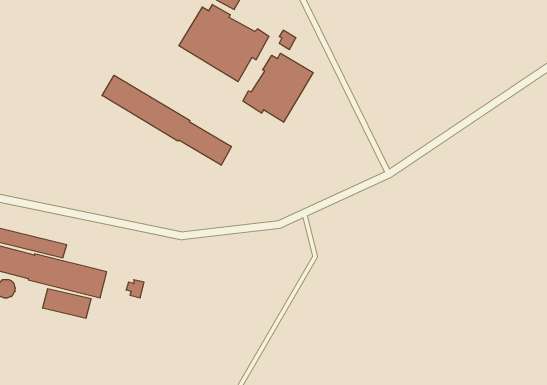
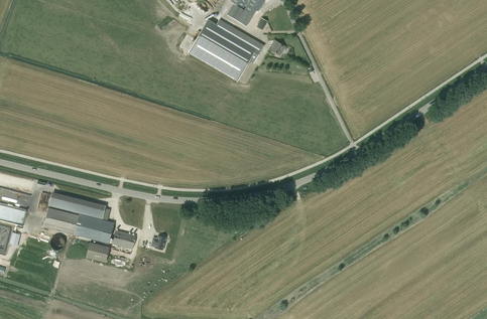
building: [243,53,313,122] -> none
building: [102,75,231,165] -> none

